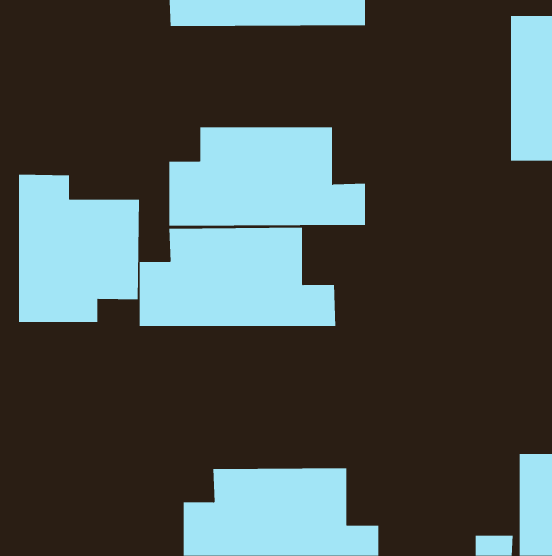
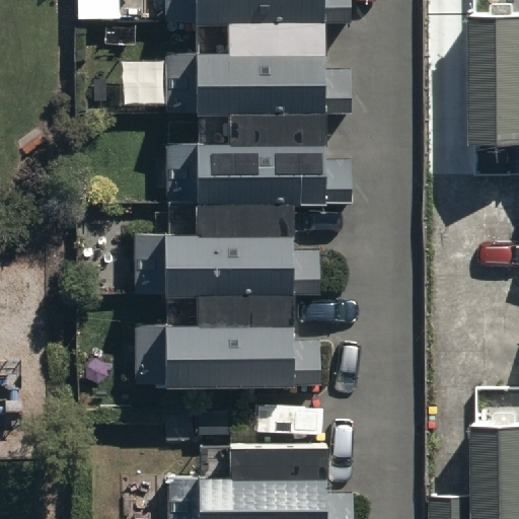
building: none -> [166,24,348,116]
building: [18,174,140,323] -> none
building: none -> [138,300,319,391]

